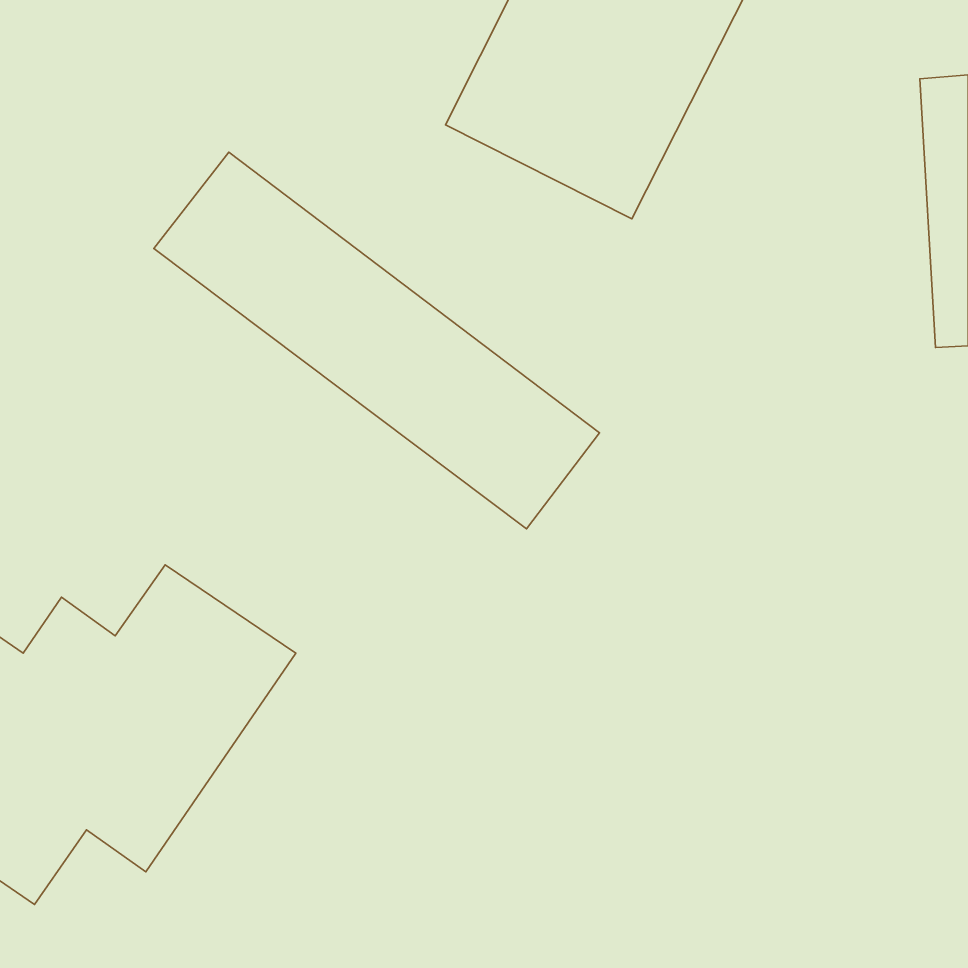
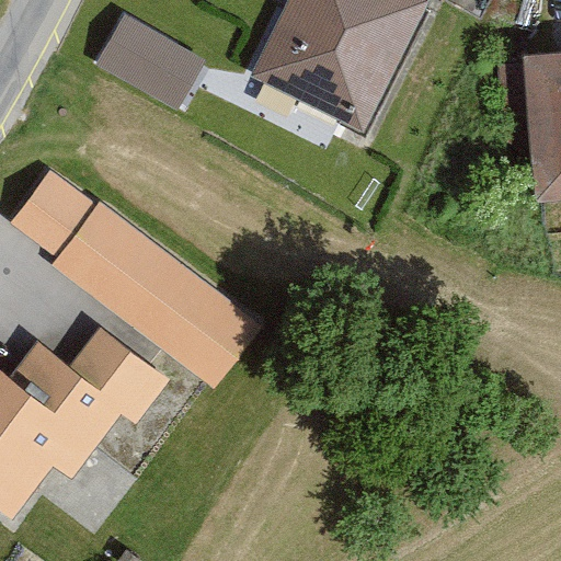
building: none -> [94,14,206,111]
building: [154,152,600,529] -> [10,171,264,386]

